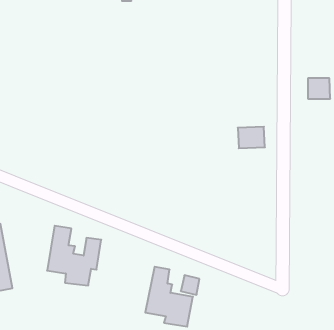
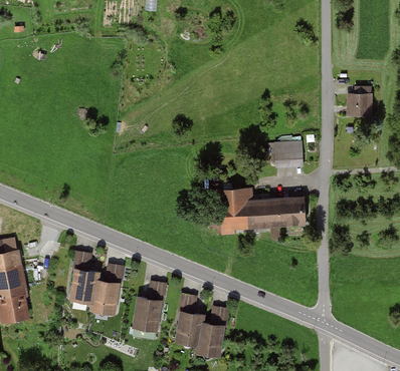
building: none -> [216,190,306,230]
building: none -> [131,280,168,332]

